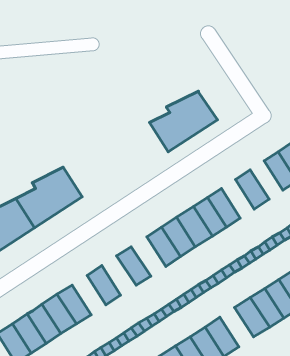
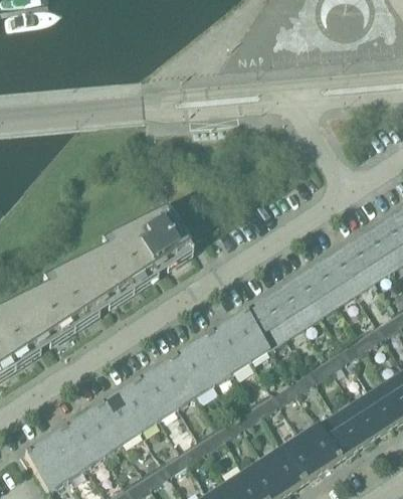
building: [149,91,217,152] -> [109,210,192,285]
building: none -> [338,240,378,288]
building: none -> [303,264,343,311]
building: none -> [192,334,234,382]
building: none -> [156,357,198,405]
building: none -> [120,381,161,430]
building: none -> [300,421,342,469]

